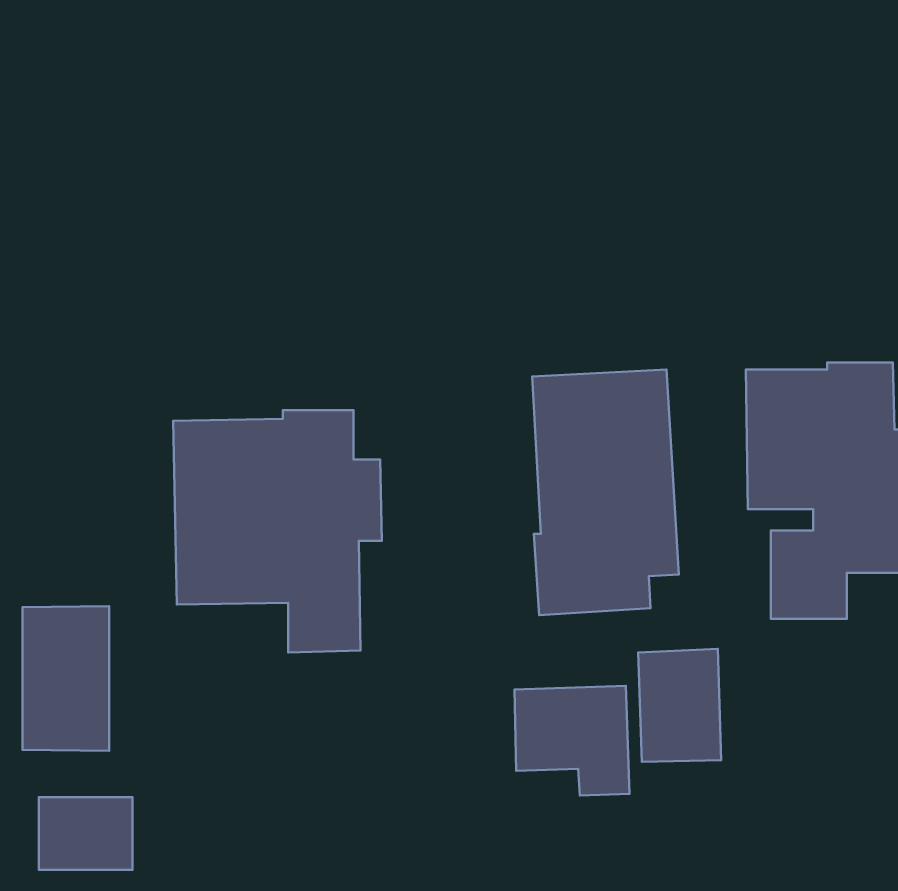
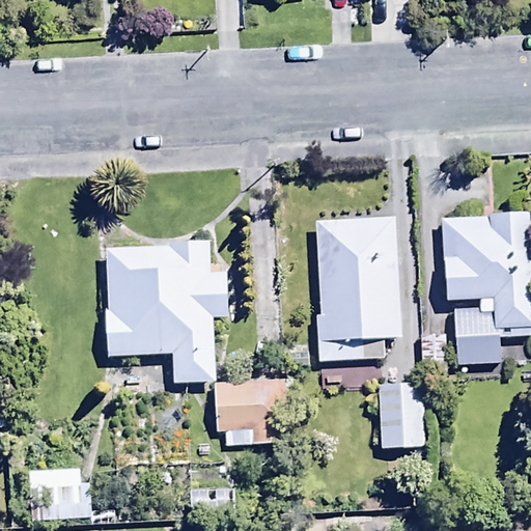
building: [23,606,109,751] -> none
building: [514,686,629,796] -> [215,380,282,444]

